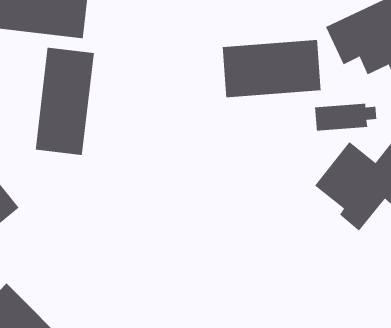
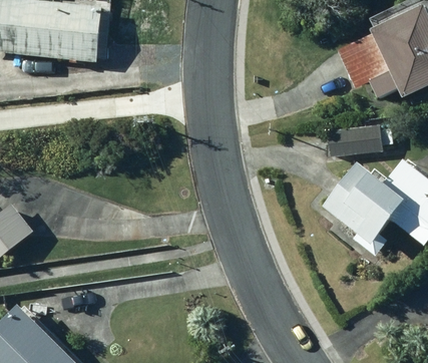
building: [222,39,321,98] -> none
building: [35,47,94,156] -> none

